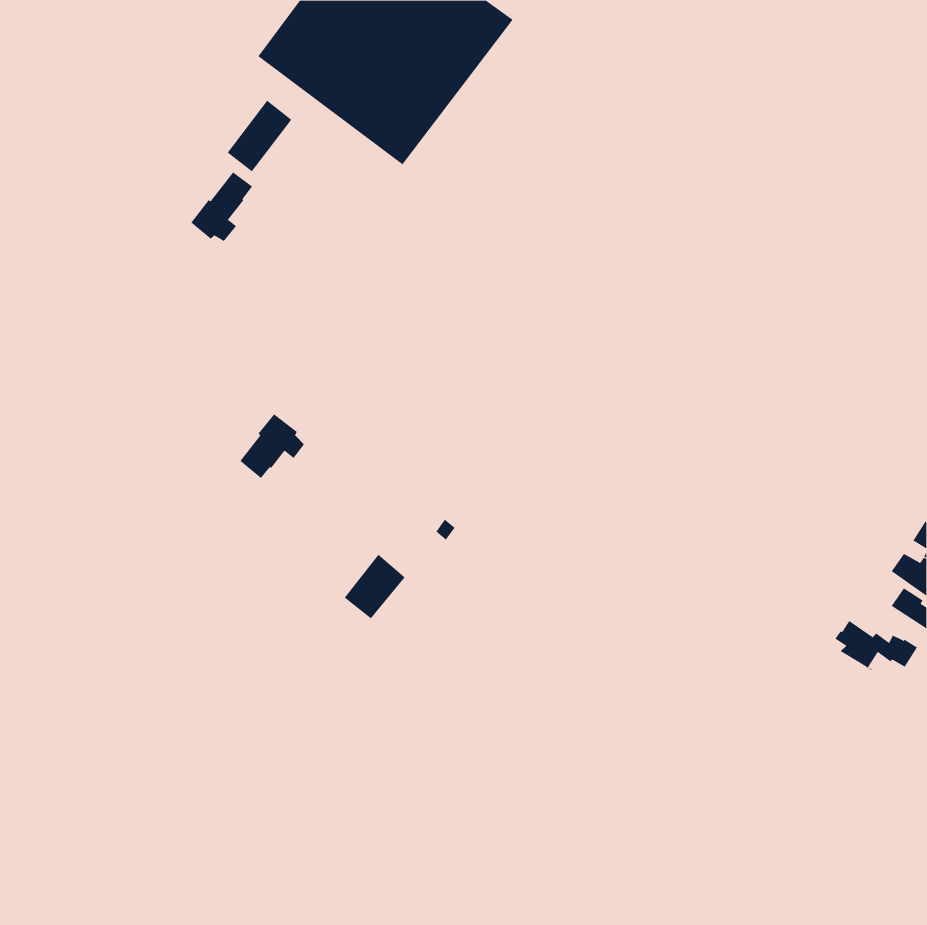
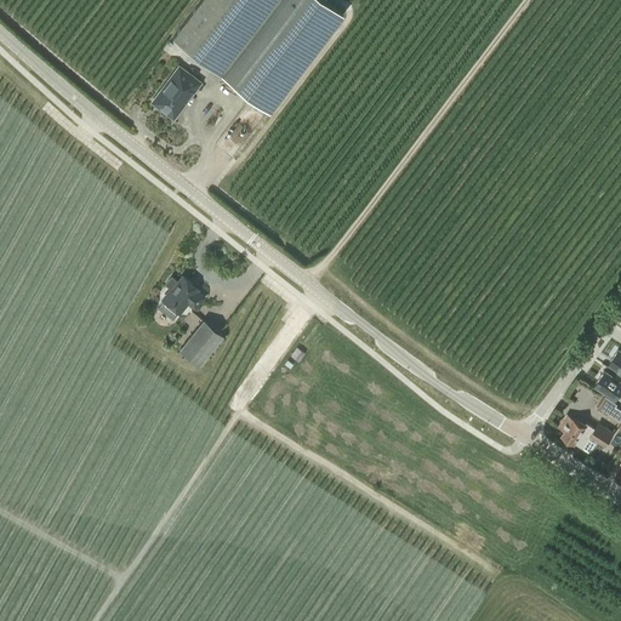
building: [191,172,253,242] -> none
building: [344,554,405,619] -> [181,321,222,365]

